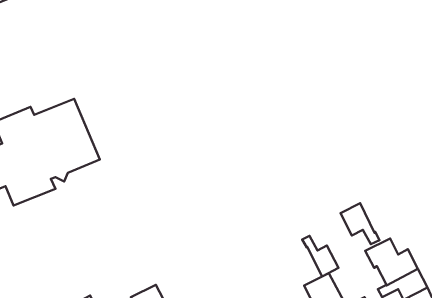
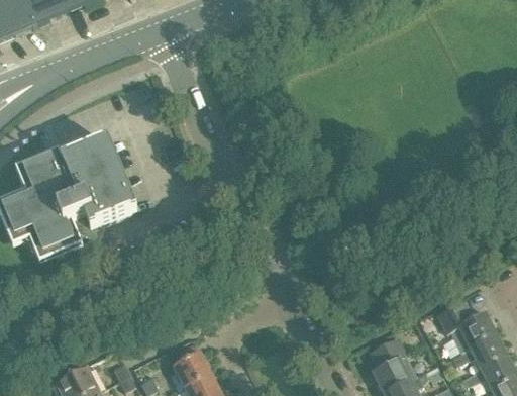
building: [340,203,379,244] -> none
building: [302,236,339,276] -> none

